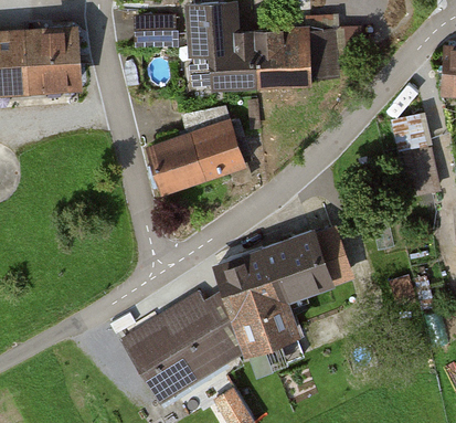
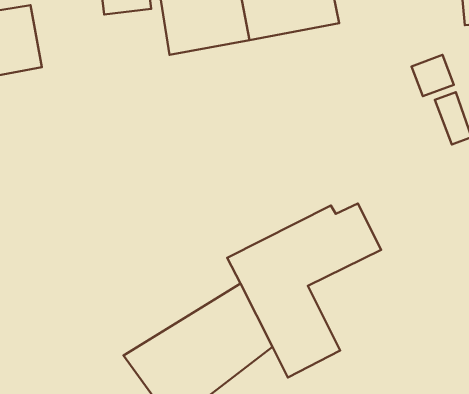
building: [150,107,245,191] -> none

